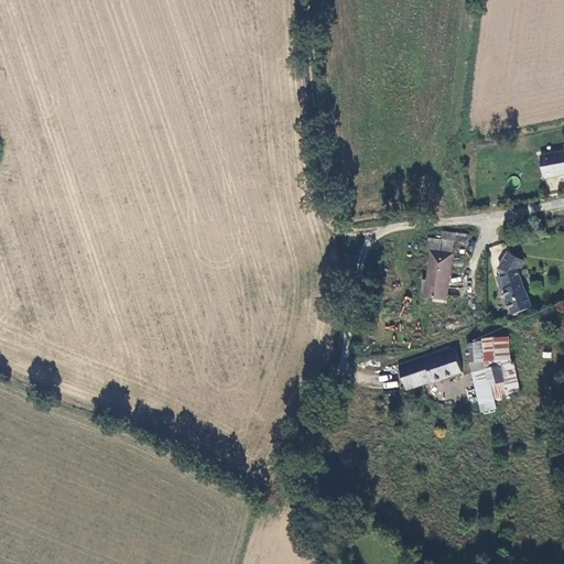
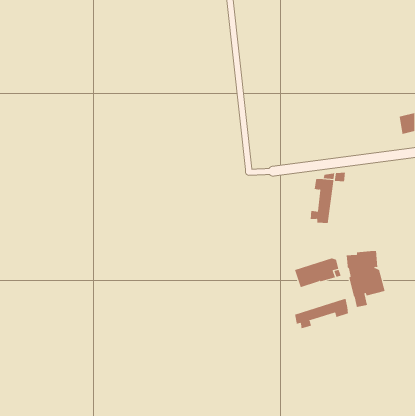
building: [495,249,530,312] -> none
building: none -> [294,298,349,329]

